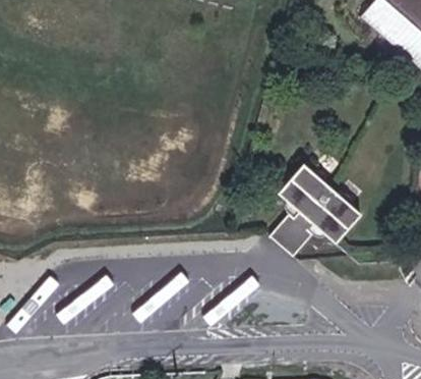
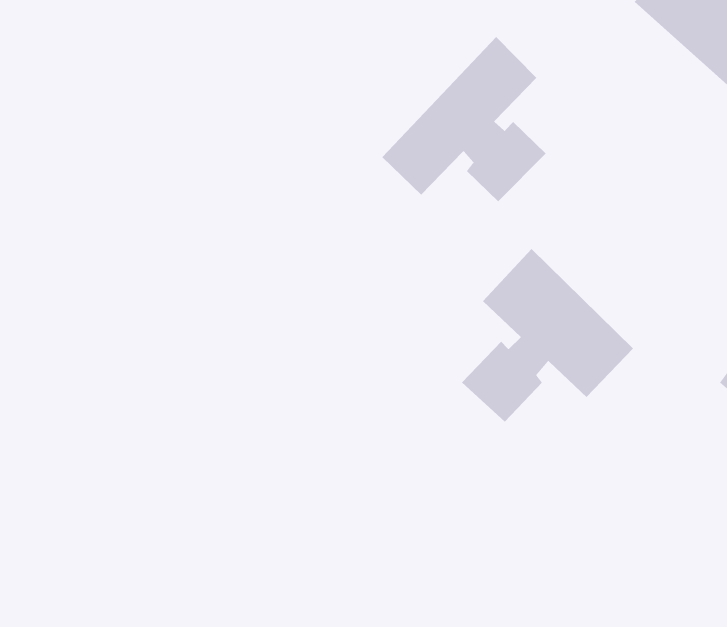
building: none -> [381,36,546,202]

